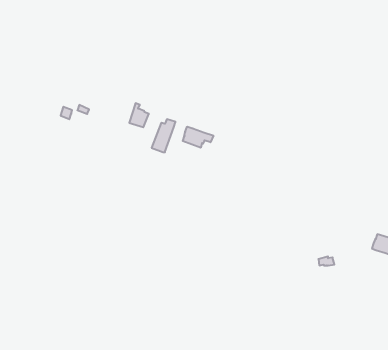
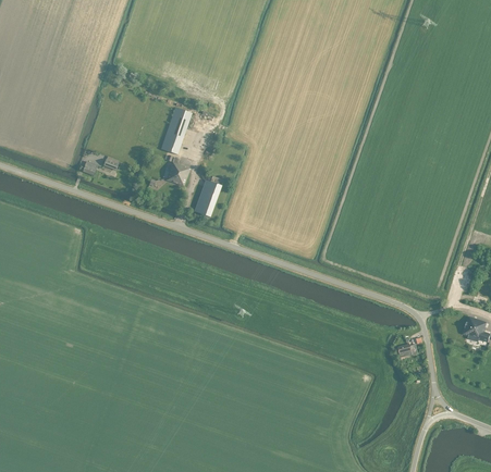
building: none -> [161,108,192,154]
building: [183,127,213,148] -> none

